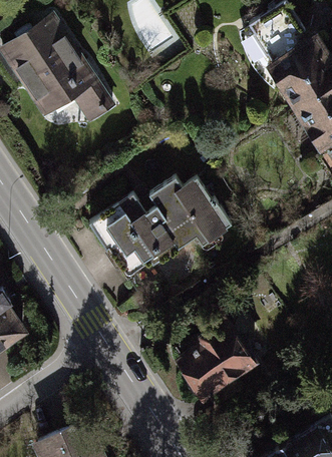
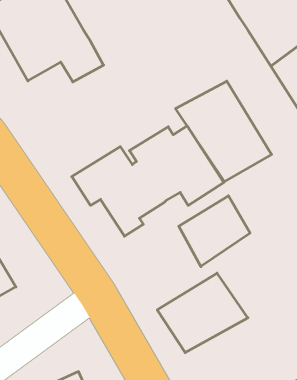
building: none -> [176,81,272,182]
building: none -> [179,196,250,267]

